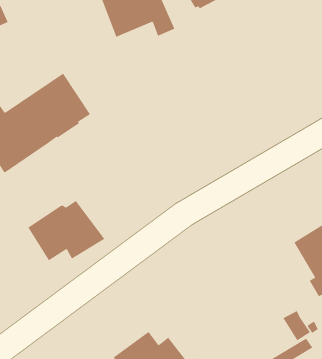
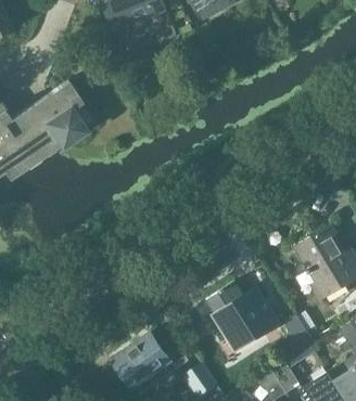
building: [28,200,105,261] -> none
building: none -> [206,281,281,352]

